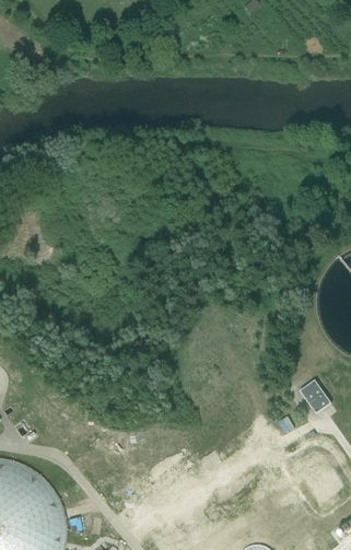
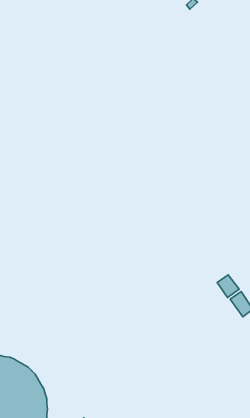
building: none -> [217,275,239,297]

